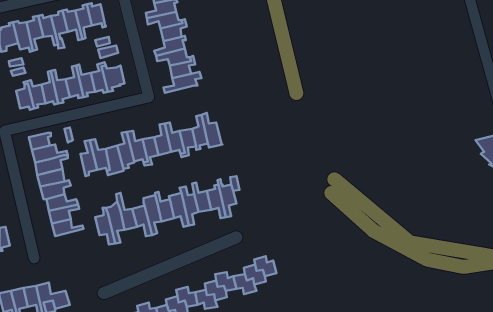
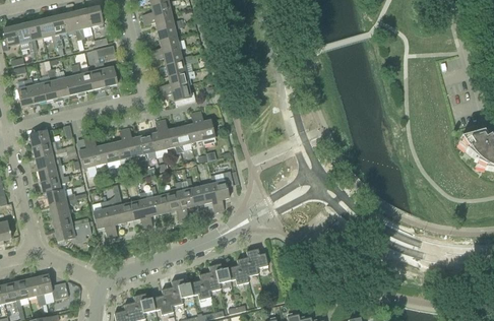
building: none -> [161,83,195,105]
building: none -> [55,220,91,241]

